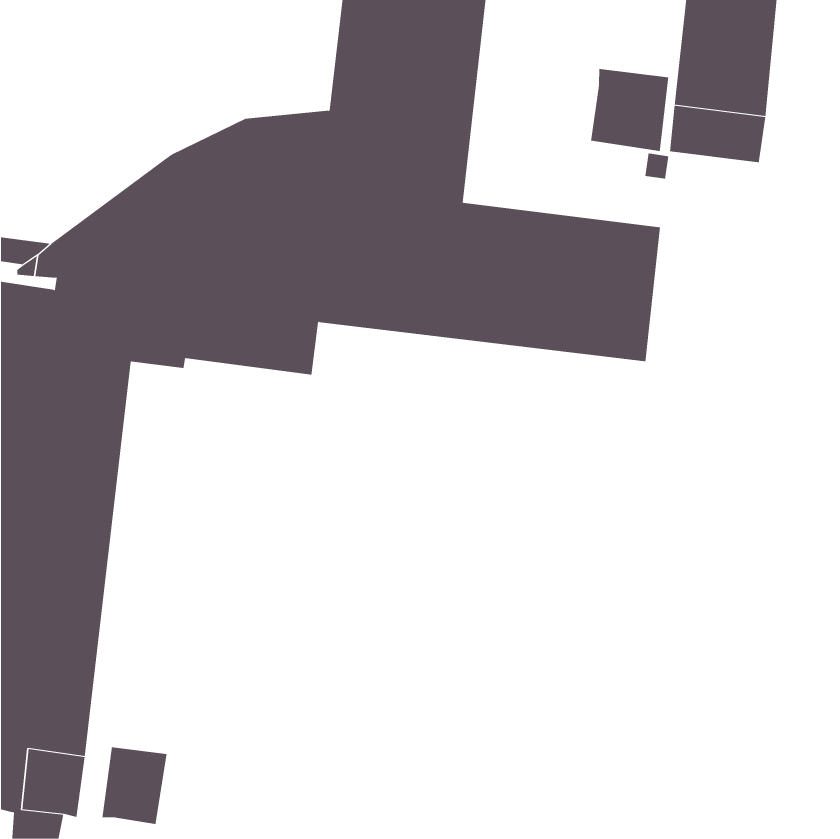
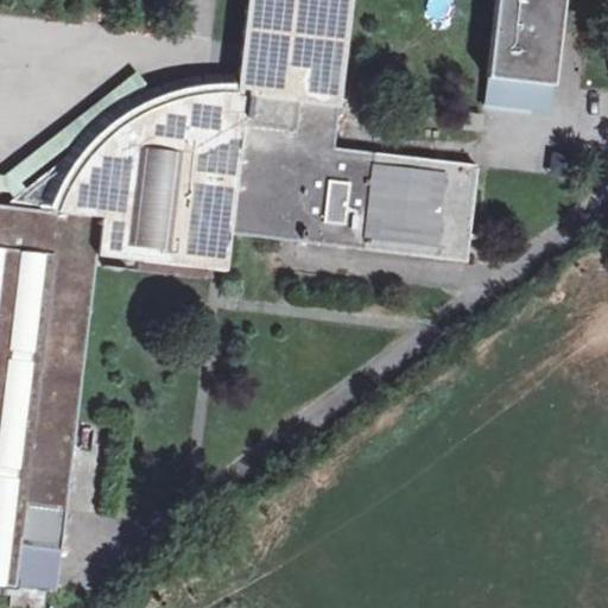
building: [590,68,669,152] -> none
building: [102,747,167,825] -> none

